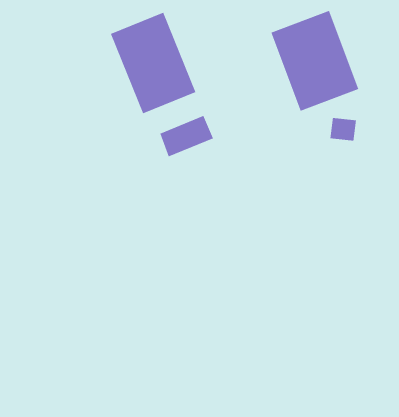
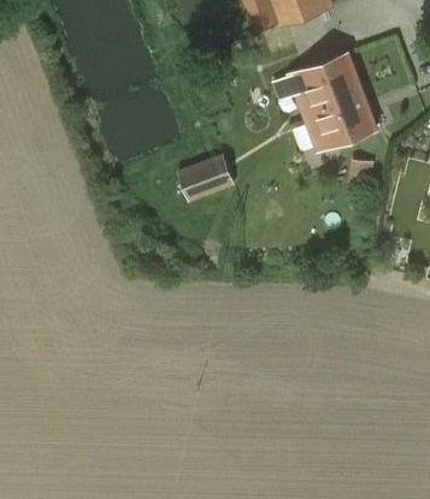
building: [110,12,196,114] -> none

